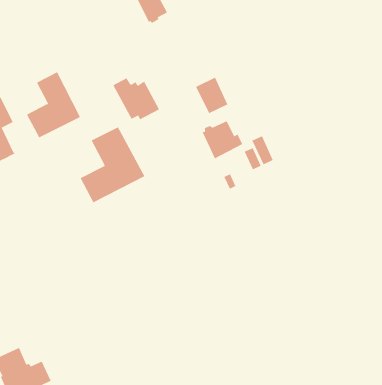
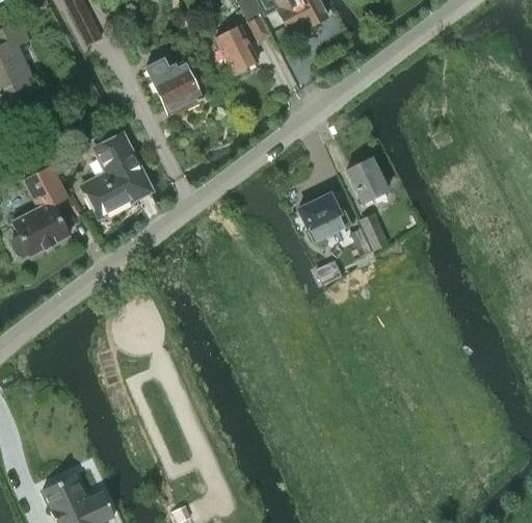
building: [195,77,228,114] -> [347,156,388,202]
building: [113,77,160,120] -> [144,58,203,111]
building: [80,126,145,203] -> none

